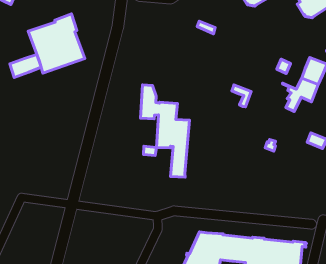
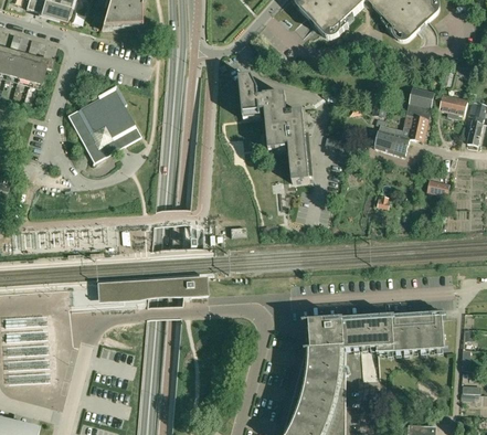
building: [10,55,41,77] -> none
building: none -> [375,117,398,152]
building: [140,85,189,177] -> [240,75,310,181]

